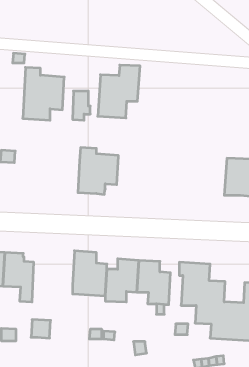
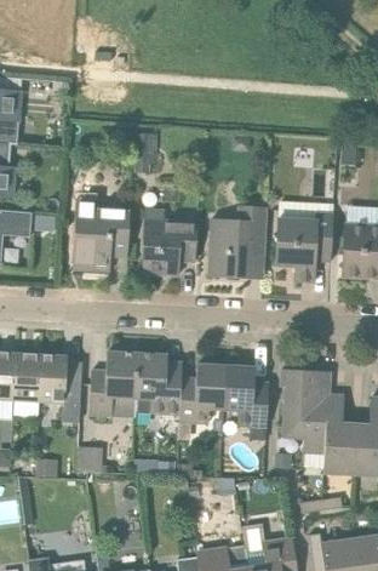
building: [98,65,140,118] -> [208,206,267,279]
building: [23,67,64,120] -> [73,199,130,272]
building: none -> [275,213,333,282]
building: none -> [88,352,137,416]

